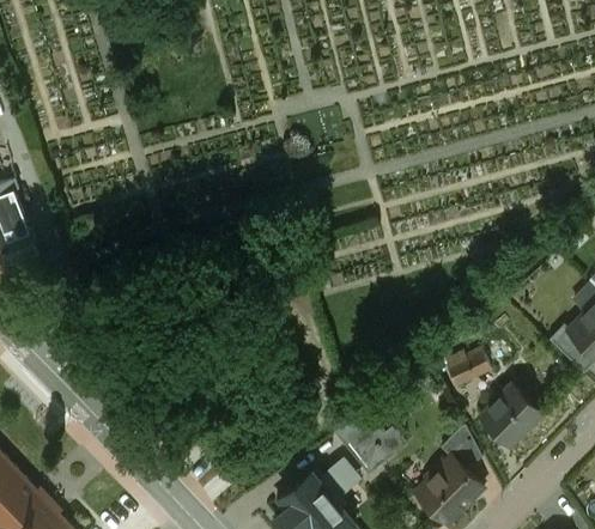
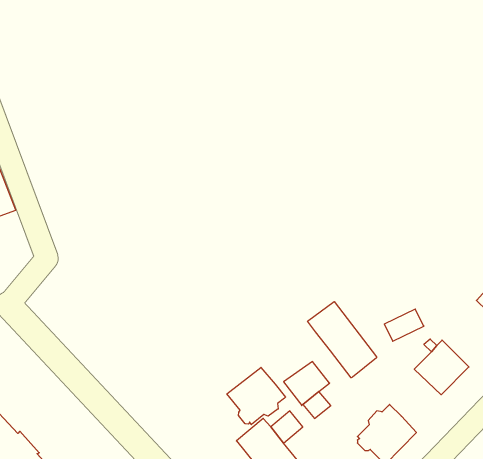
building: none -> [308,302,377,378]
building: none -> [227,367,286,425]
building: [441,426,482,470] -> none

